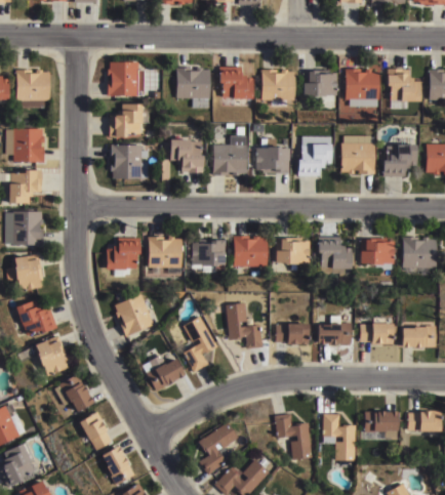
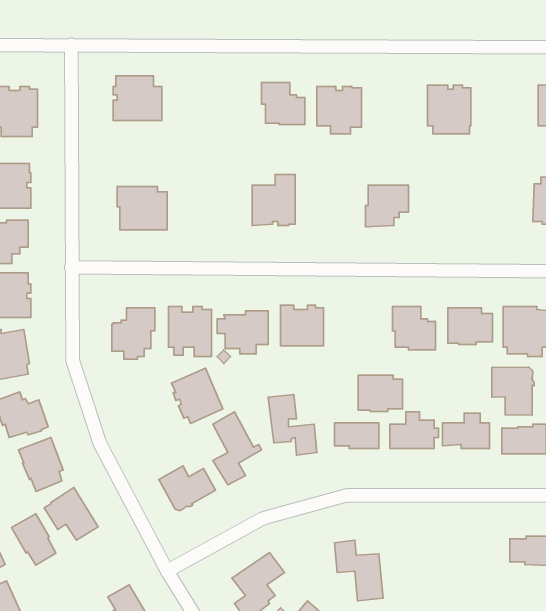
building: [176,67,209,107] -> none
building: [388,68,421,107] -> none
building: [304,69,337,95] -> none
building: [108,102,148,136] -> none
building: [340,134,374,173] -> none
building: [382,137,416,175] -> none
building: [169,138,202,171] -> none
building: [255,147,288,172] -> none
building: [276,237,310,264] -> [358,375,403,412]
building: none -> [492,367,534,415]
building: [114,293,153,335] -> [172,368,223,424]
building: [365,411,399,439] -> none
building: [79,412,113,451] -> [11,514,56,565]
building: [322,413,355,460] -> none

